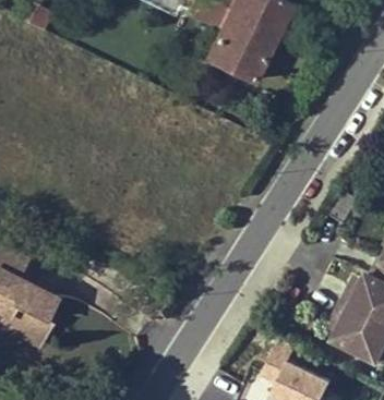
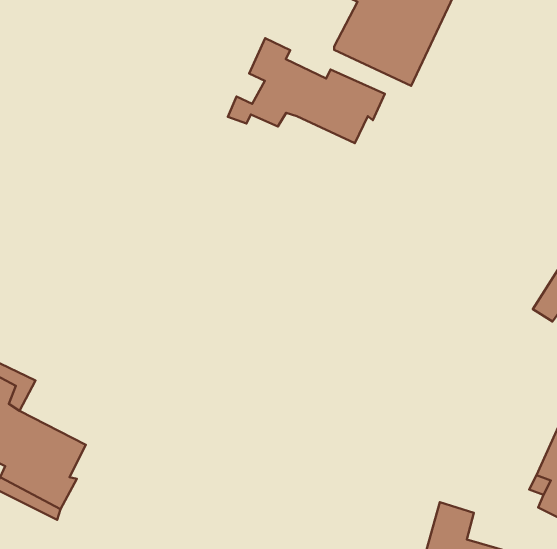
building: none -> [228,38,385,143]

